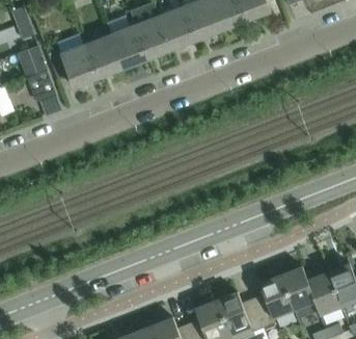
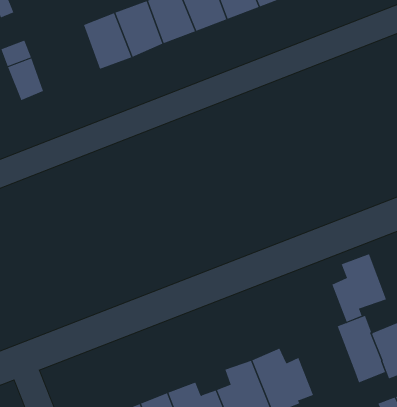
building: [47,44,99,87] -> none
building: [251,275,294,328] -> [331,253,387,323]

